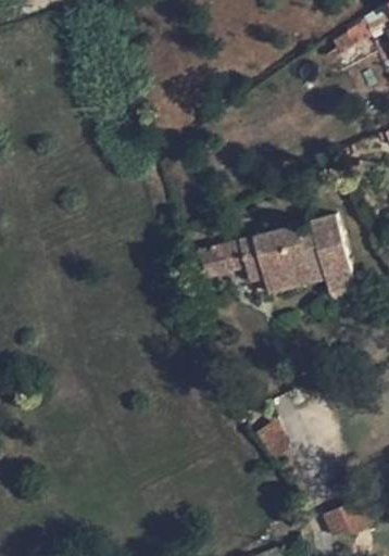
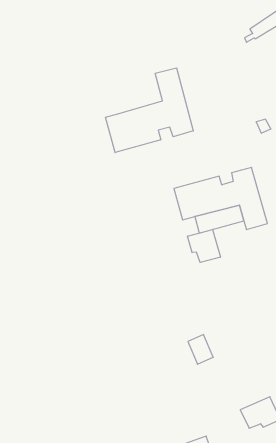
building: none -> [106,68,193,153]
building: none -> [188,229,220,262]

